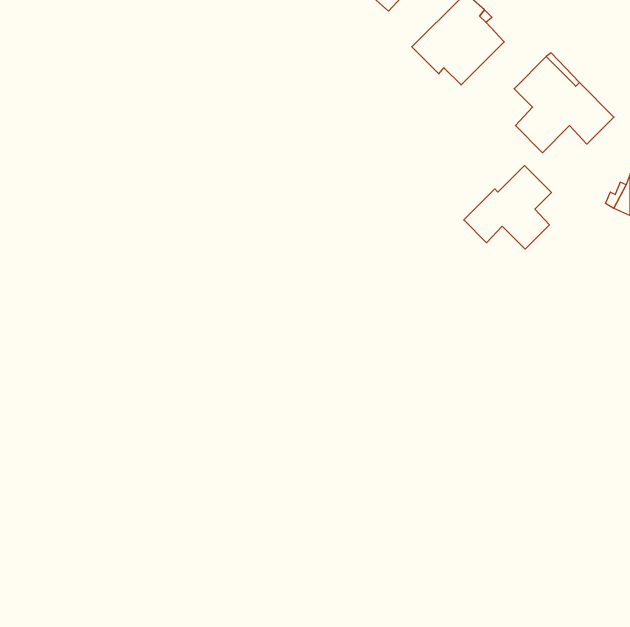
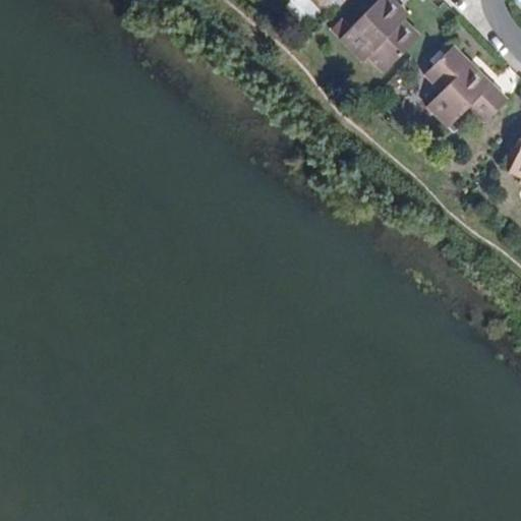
building: [464,166,551,249] -> none

